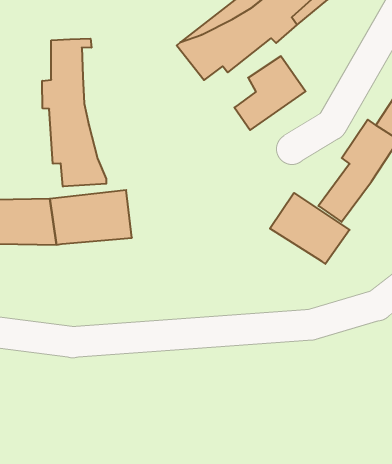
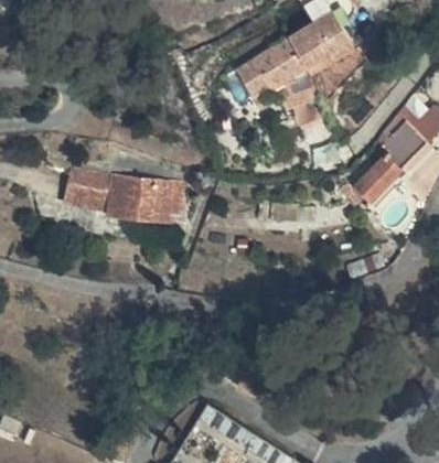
building: [42,39,106,187] -> none
building: [270,193,350,264] -> none

